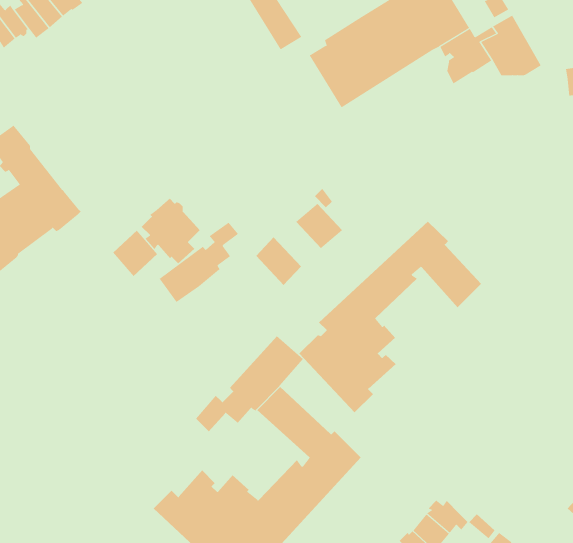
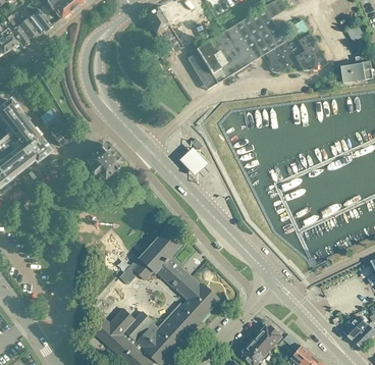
building: [299,221,482,413] -> none
building: [159,222,239,303] -> none
building: [113,230,158,277] -> none
building: [255,236,302,286] -> none

